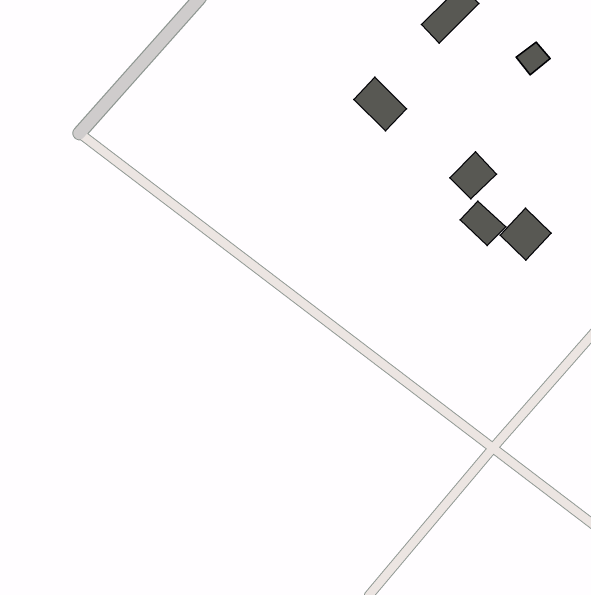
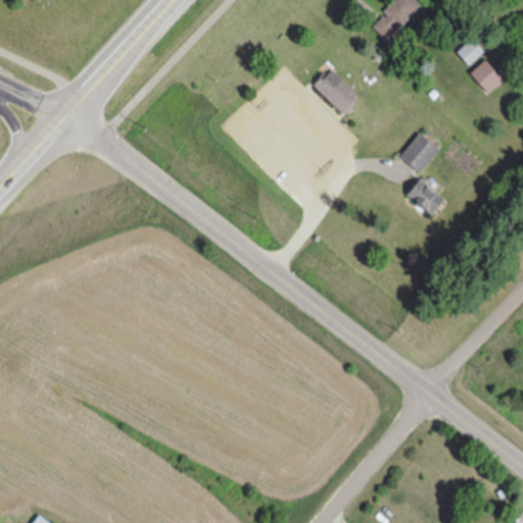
building: none -> [473,64,502,94]
building: [500,208,551,260] -> none

